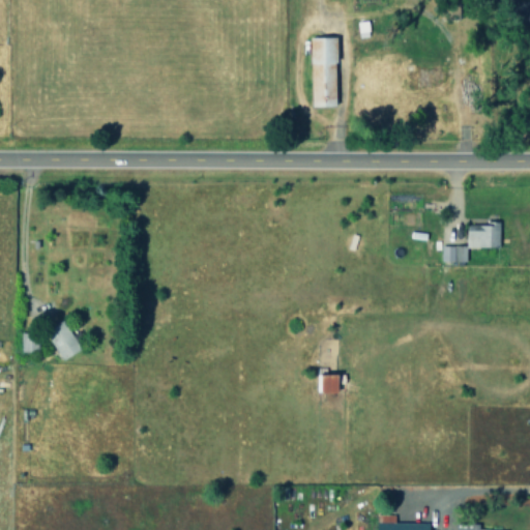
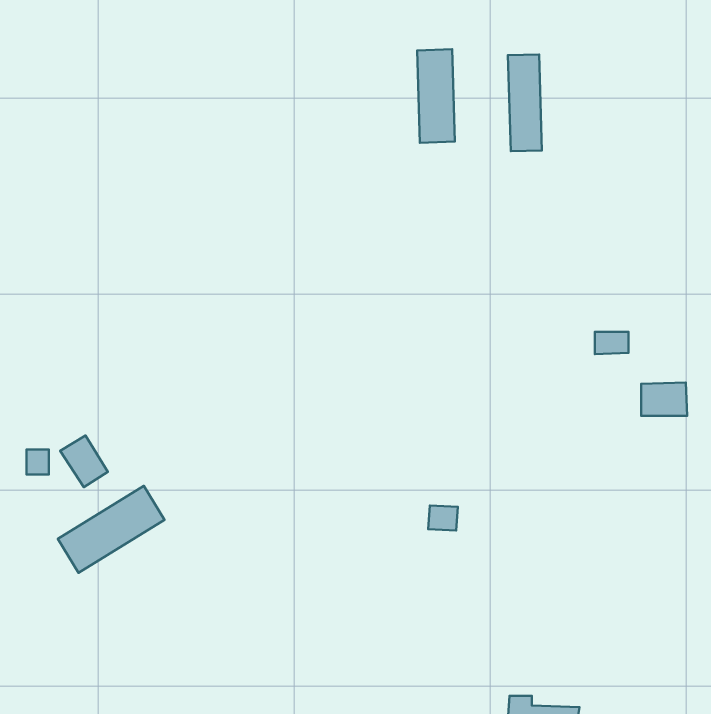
building: none -> [508,55,542,151]
building: [468,224,502,248] -> [641,382,687,416]
building: none -> [58,486,164,573]

